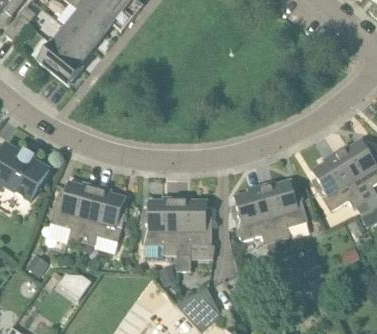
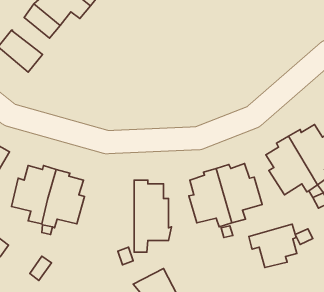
building: [51,28,89,63] -> none
building: [141,195,176,255] -> none
building: none -> [249,224,297,268]

